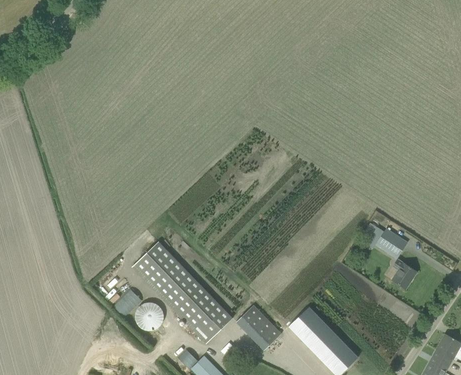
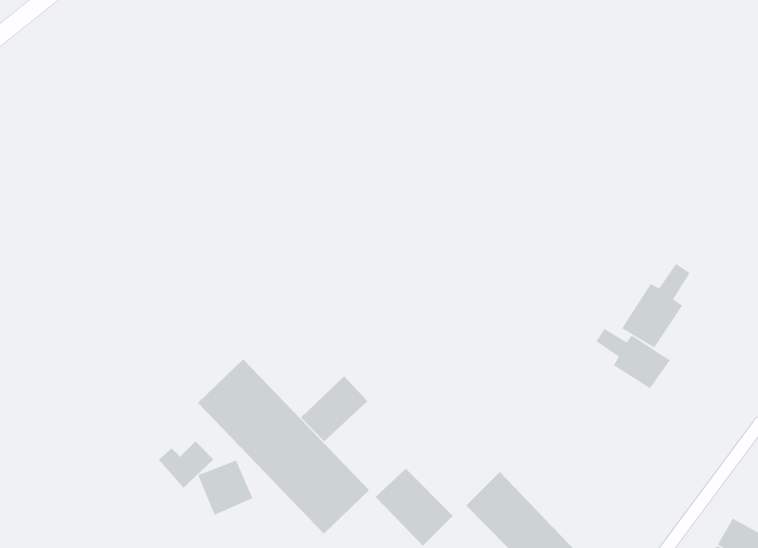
building: none -> [621,263,691,348]
building: none -> [300,375,368,442]
building: [391,260,417,289] -> none

